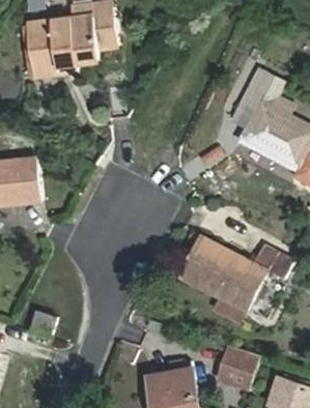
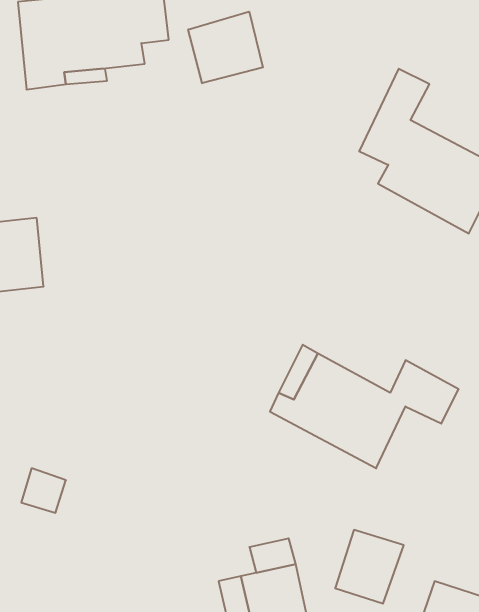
building: none -> [188,12,263,83]

